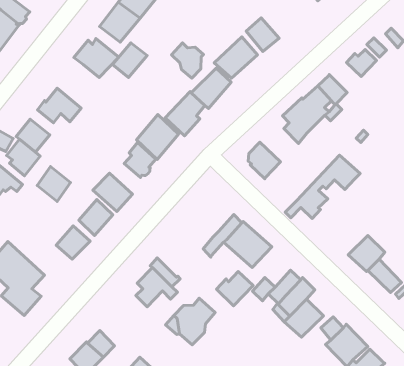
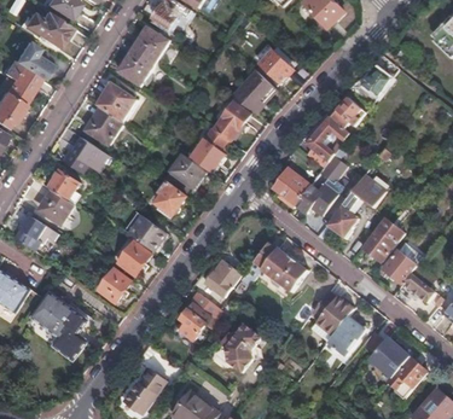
building: [112,43,147,77] -> [91,111,123,145]
building: [171,43,204,78] -> none
building: none -> [294,156,347,214]
building: [37,167,71,202] -> none
building: none -> [361,216,403,261]
building: [217,271,253,306] -> [205,261,240,295]

